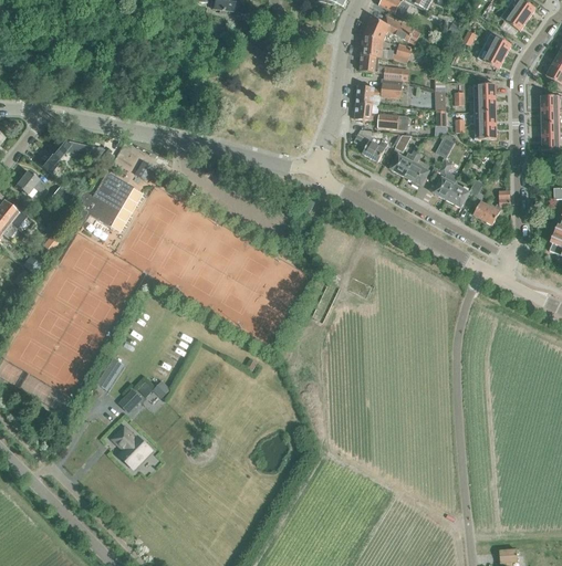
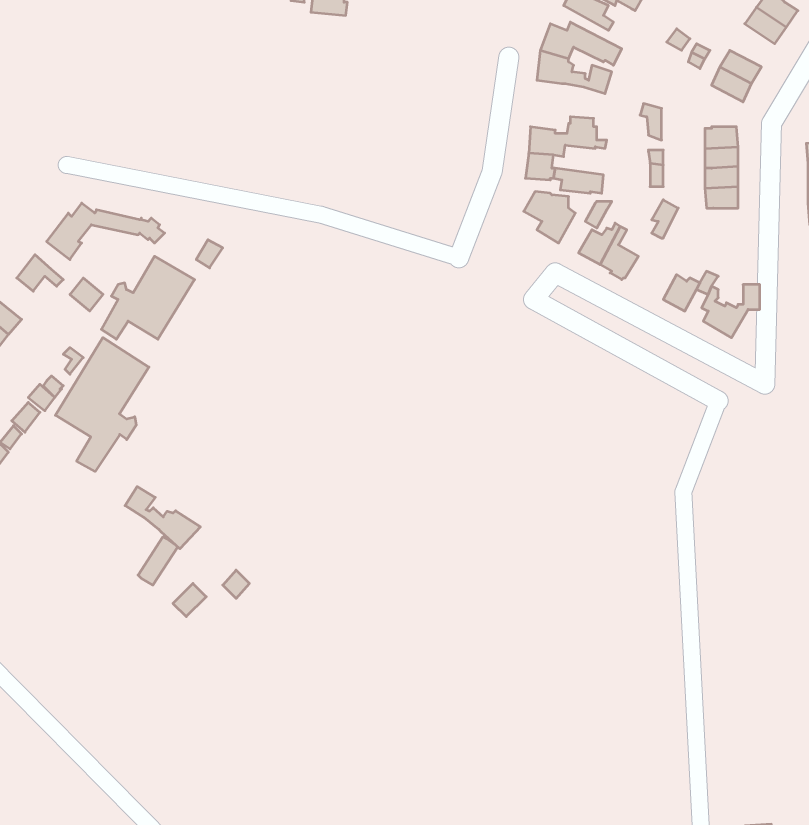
building: [361,54,403,80] -> none
building: [434,159,459,200] -> none
building: none -> [55,338,149,471]
building: none -> [125,487,200,549]
building: [114,427,152,467] -> none

